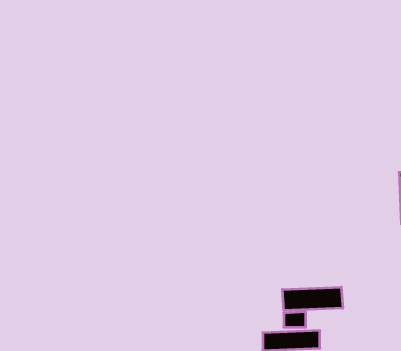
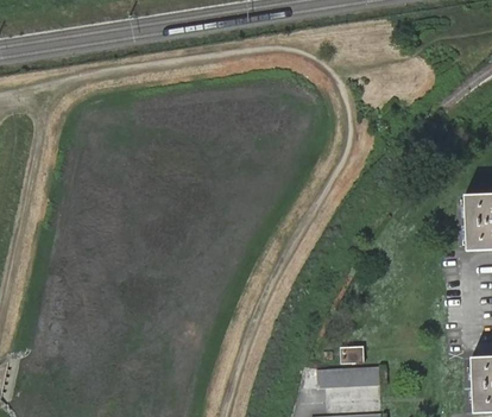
building: [282,287,343,310] -> none

